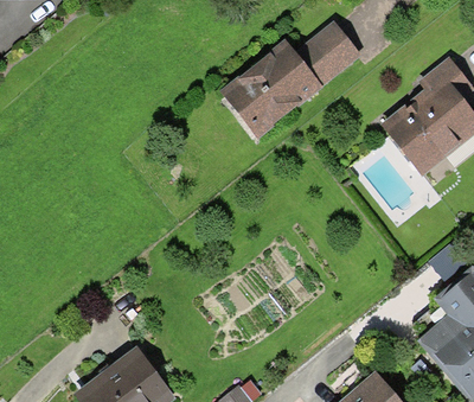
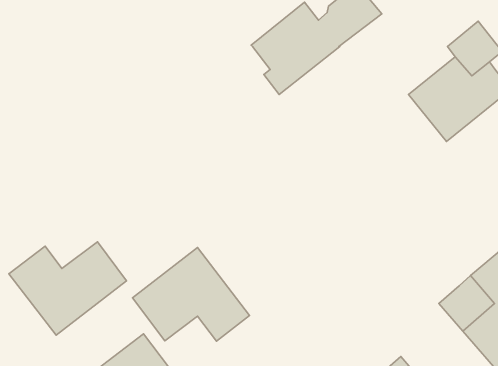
building: none -> [9,242,127,335]
building: none -> [133,248,250,341]

